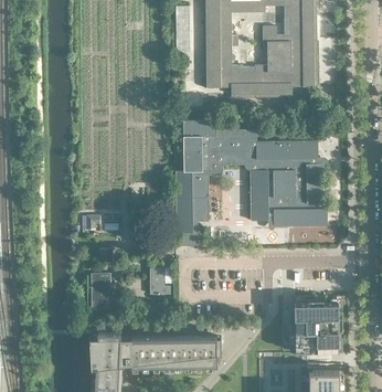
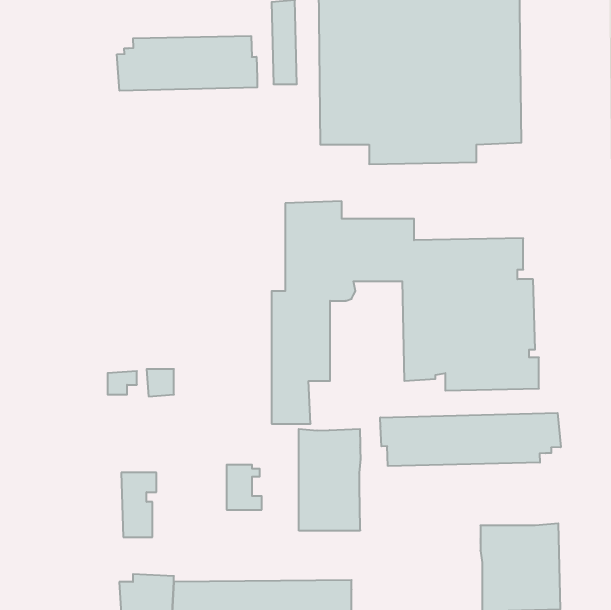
building: none -> [117,36,257,91]
building: none -> [380,413,561,466]
building: none -> [299,429,360,531]

